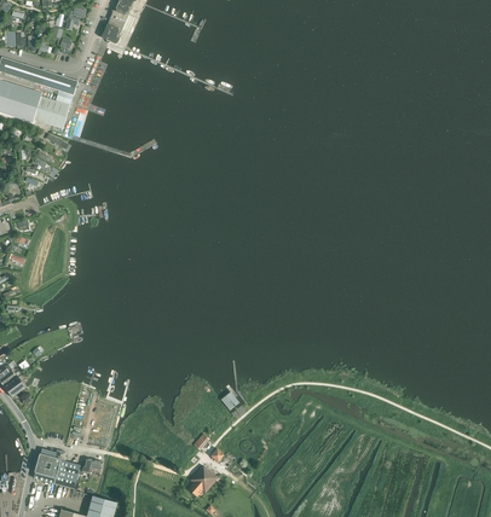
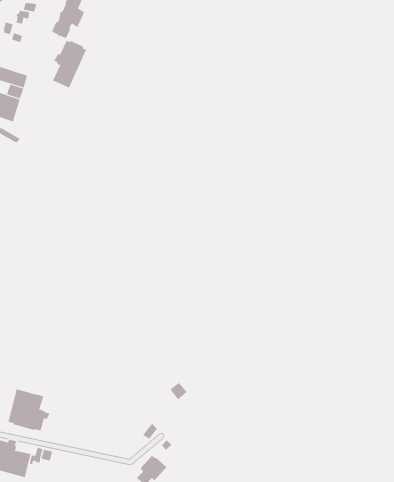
building: none -> [52,40,87,89]
building: none -> [8,389,50,431]

